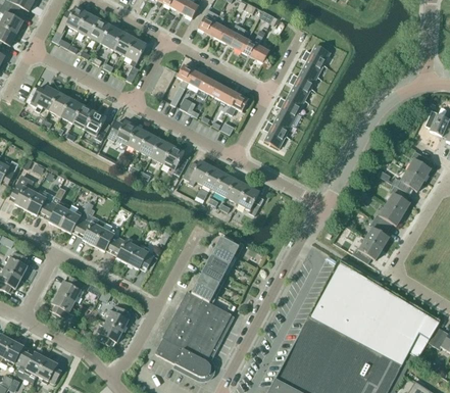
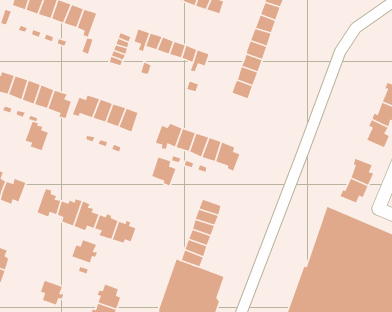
building: [162,145,188,176] -> [151,156,177,187]
building: [44,196,68,227] -> [25,121,49,151]
building: [372,204,402,229] -> none
building: [57,277,84,301] -> [71,239,98,264]

